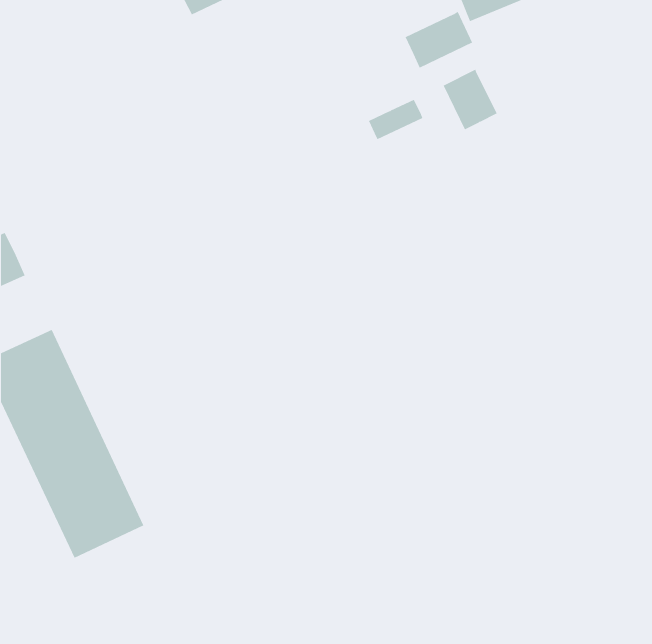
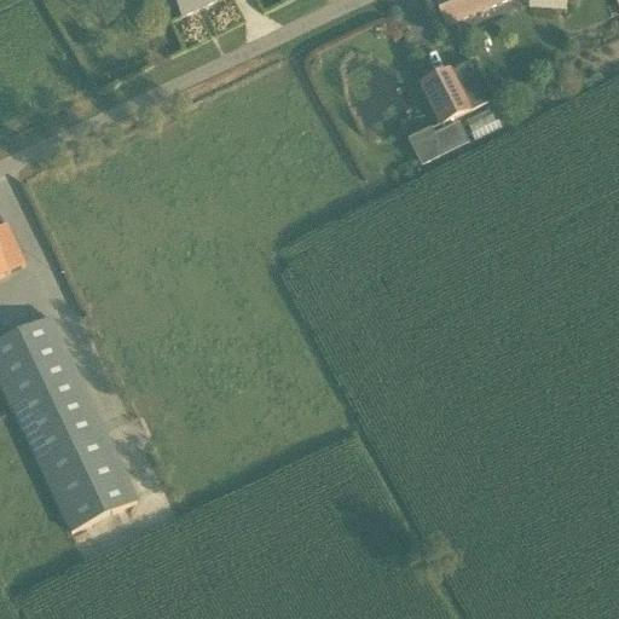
building: [405,11,473,69] -> none
building: [368,99,423,140] -> [413,121,465,160]

